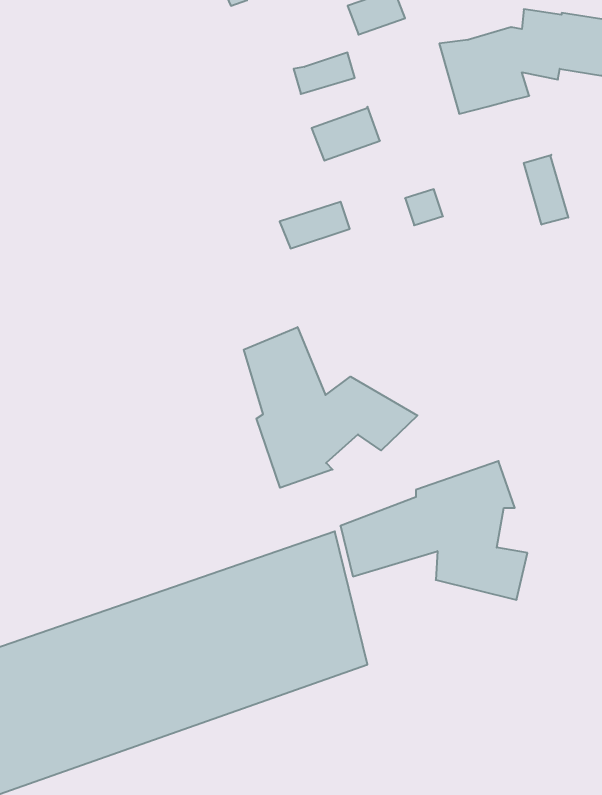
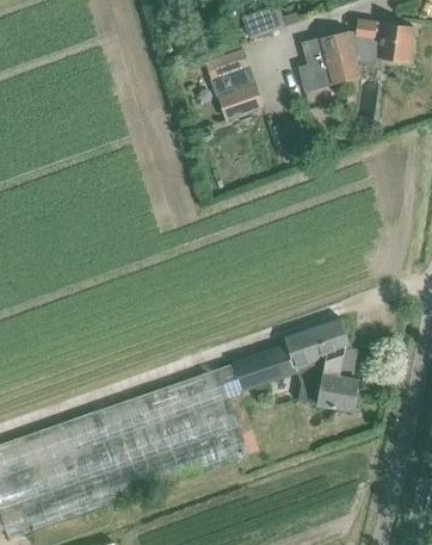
building: [524,155,568,225] -> none
building: [280,202,350,248] -> [206,66,253,97]
building: [244,327,417,488] -> none

